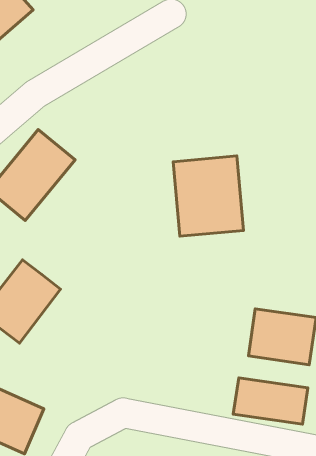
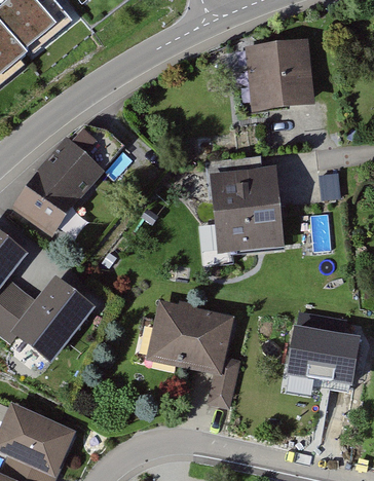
building: none -> [246,39,315,105]
building: none -> [132,296,244,402]
building: [233,378,308,424] -> none

